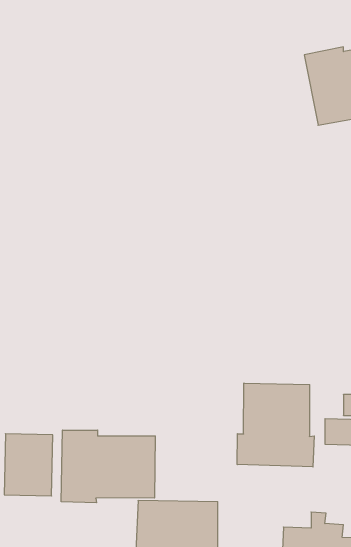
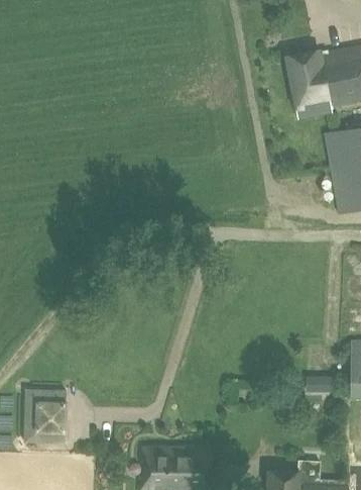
building: [237,383,314,467] -> none
building: [61,430,155,503] -> none

